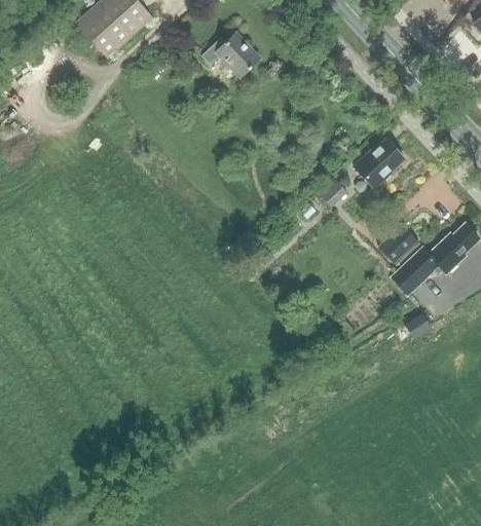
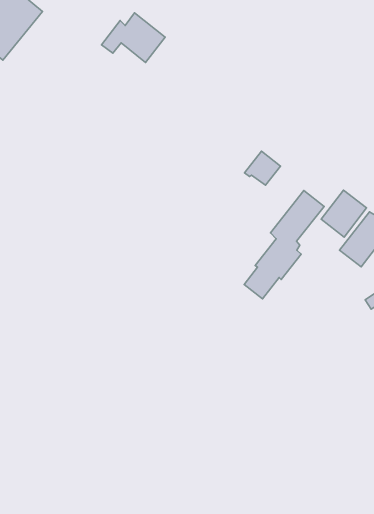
building: [354,139,404,188] -> none
building: none -> [244,190,324,299]

